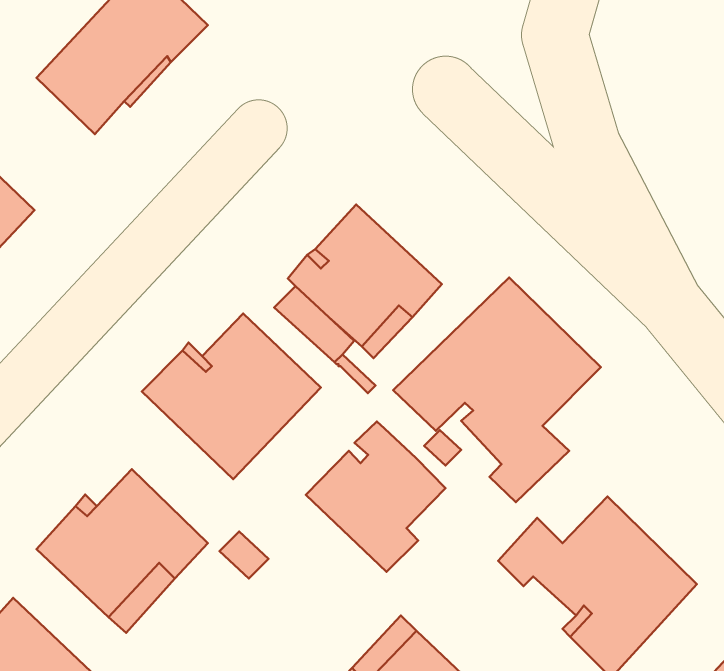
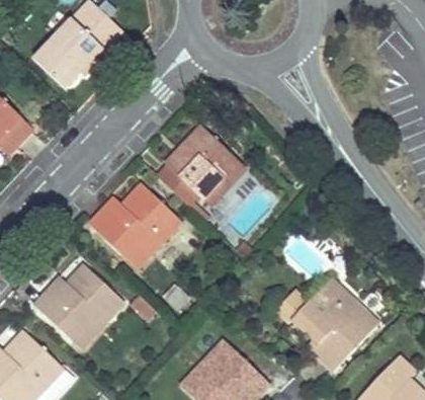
building: [393,278,601,502] -> none
building: [306,422,446,572] -> none

